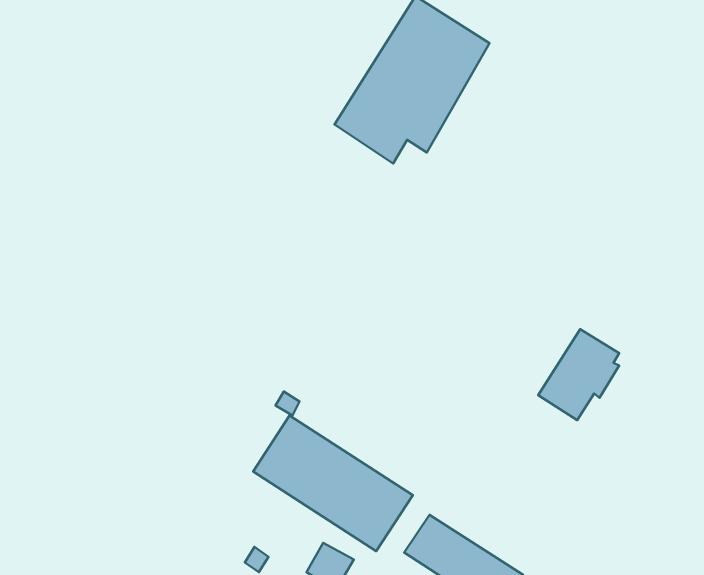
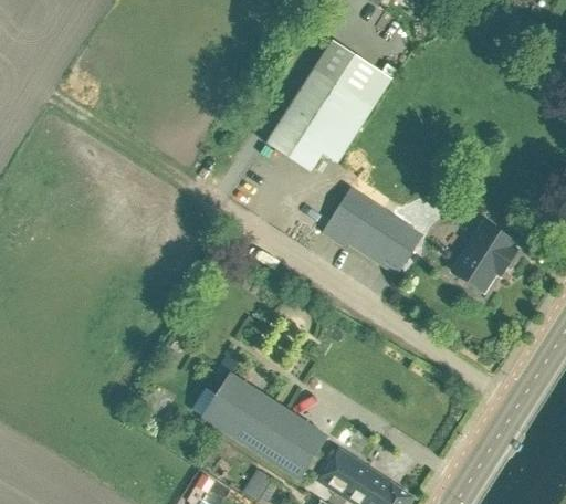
building: none -> [325,197,419,275]
building: [538,329,619,420] -> [451,223,515,295]

